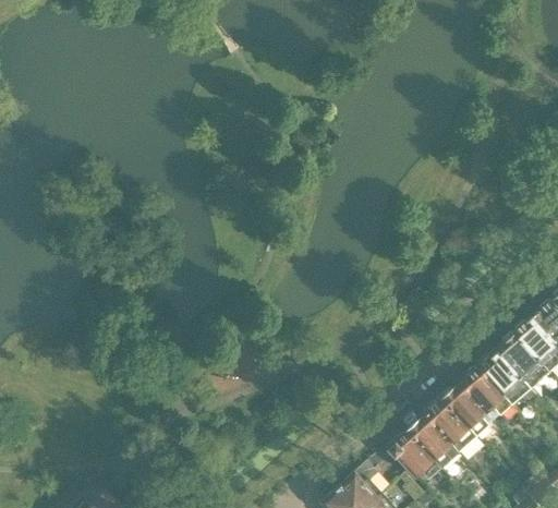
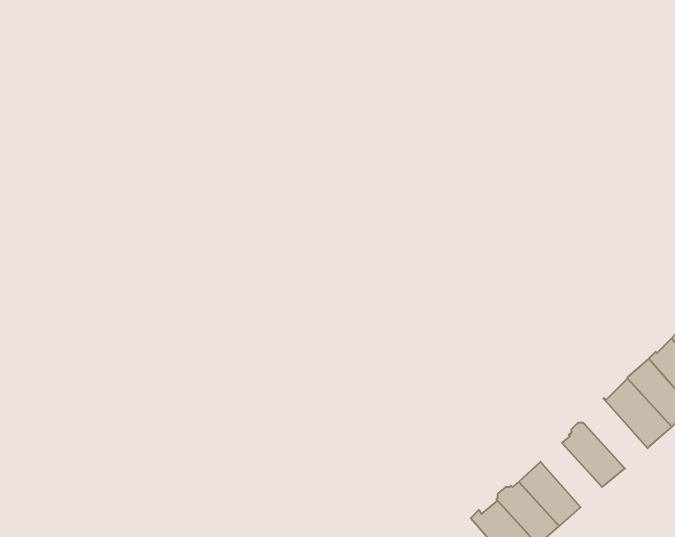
building: [480,350,536,407] -> none
building: [444,386,494,438] -> none

